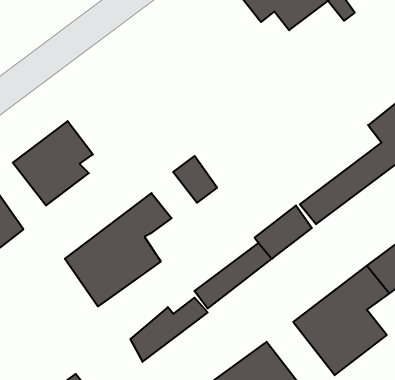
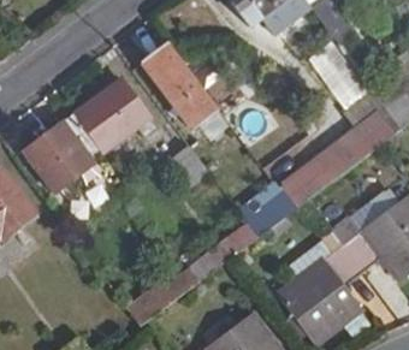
building: none -> [140,42,217,127]
building: none -> [73,77,148,150]
building: [65,193,172,306] -> none

